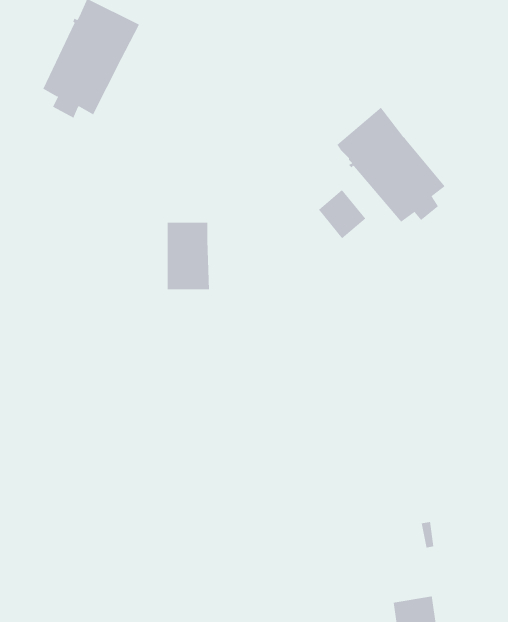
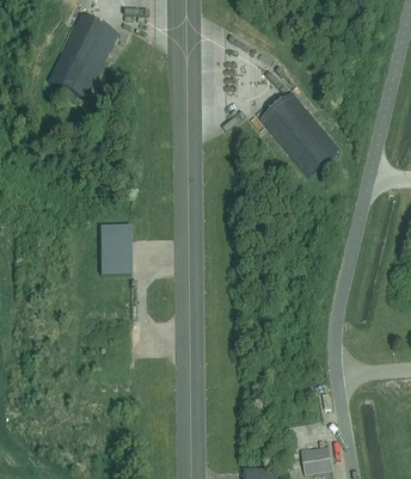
building: [318,189,366,239] -> none
building: [167,222,210,290] -> [100,223,131,272]

